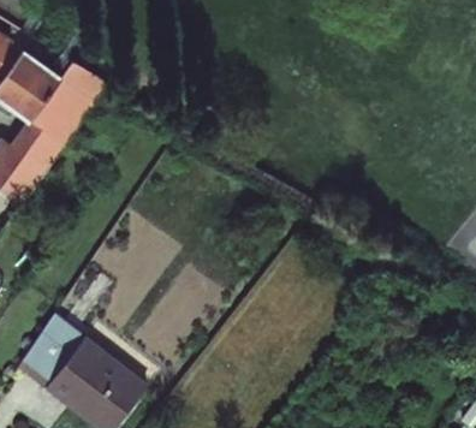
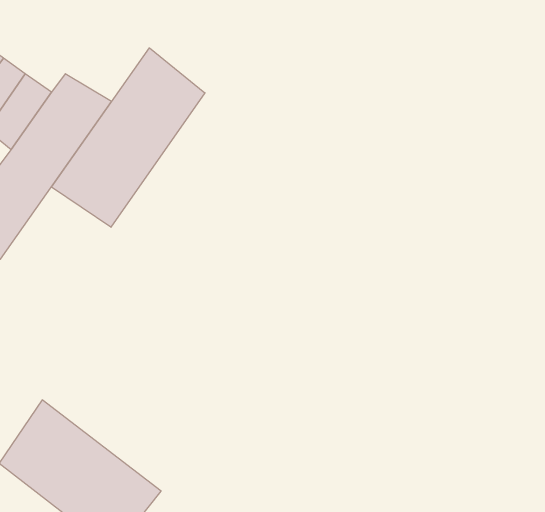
building: none -> [51,48,205,227]

